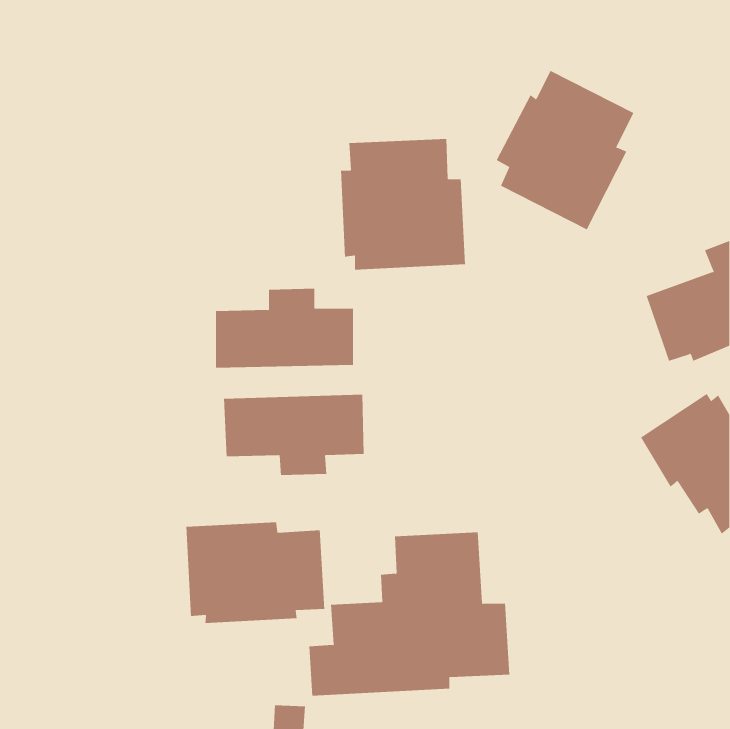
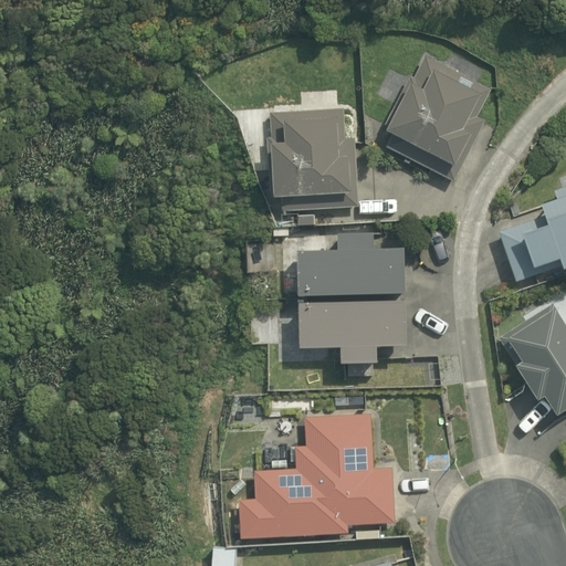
building: [215,288,354,368] -> [298,233,406,295]
building: [223,394,364,476] -> [297,300,407,363]
building: [186,522,325,624] -> none

